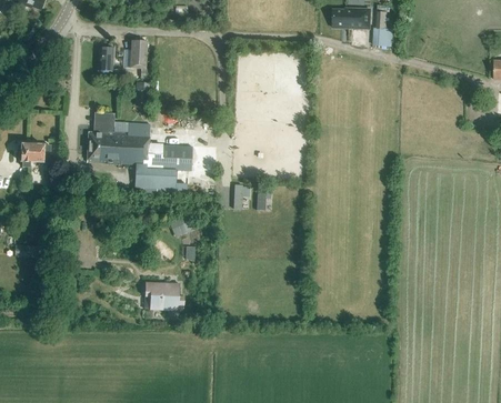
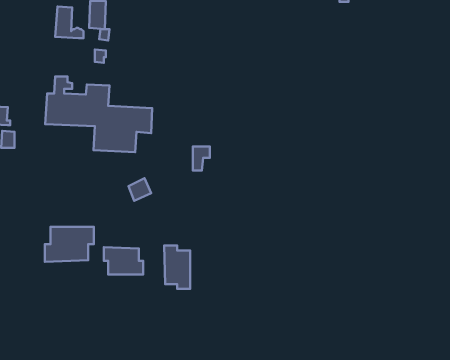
building: none -> [45,227,94,262]
building: none -> [164,246,190,289]

